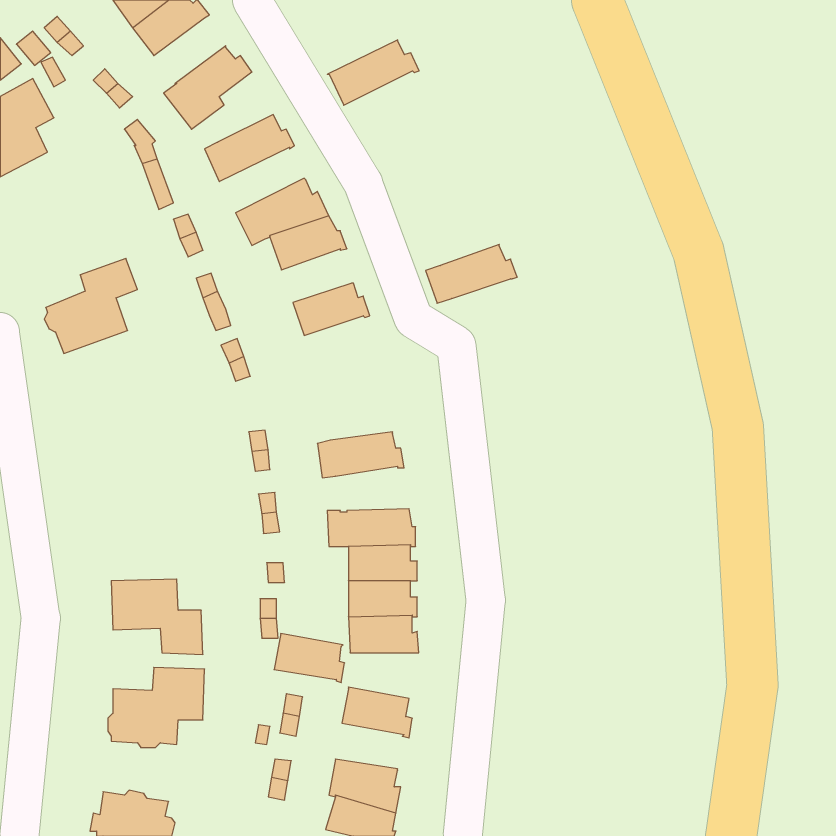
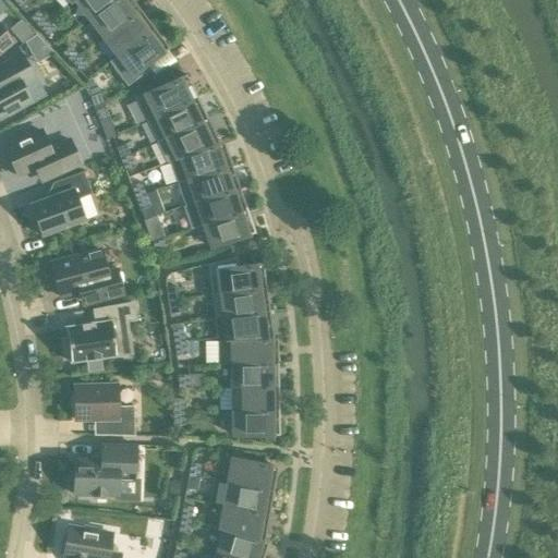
building: none -> [102,12,154,56]
building: [327,40,419,105] -> [146,98,207,142]
building: none -> [5,131,80,179]
building: [426,244,517,303] -> [178,166,239,205]
building: none -> [203,210,254,247]
building: none -> [51,250,124,306]
building: none -> [207,257,266,295]
building: none -> [63,303,135,362]
building: none -> [215,311,272,341]
building: [274,634,345,683] -> [223,482,270,514]

